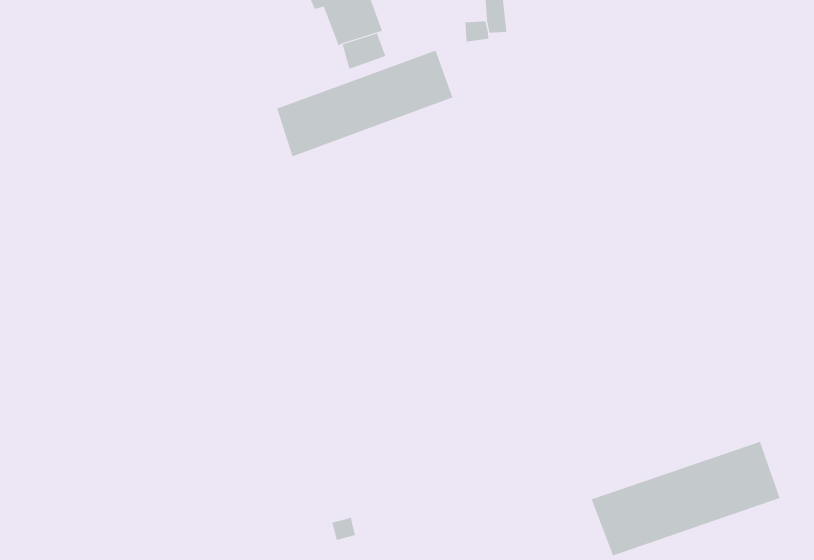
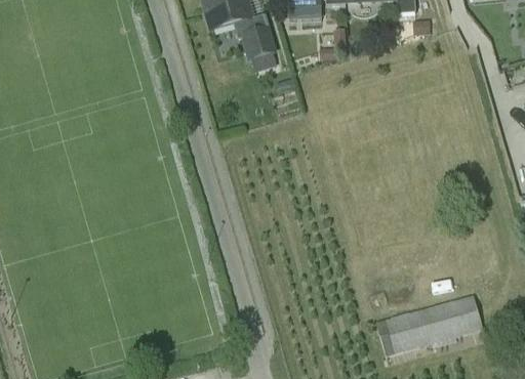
building: [276,50,453,157] -> none

